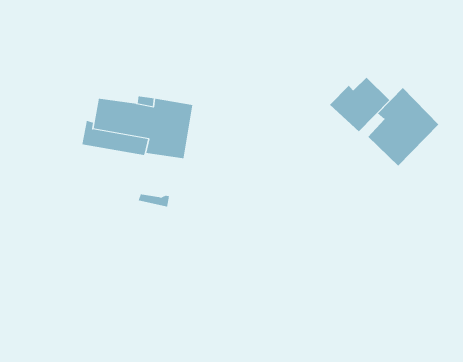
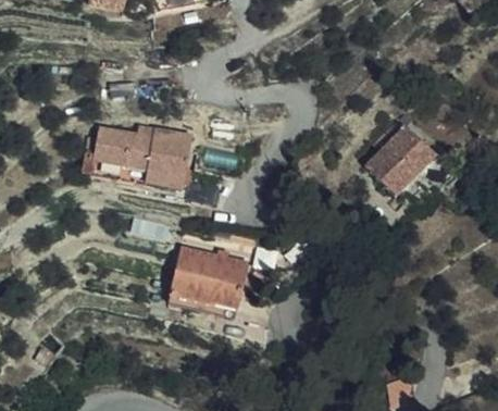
building: [329,77,390,132] -> none
building: none -> [169,246,249,315]

